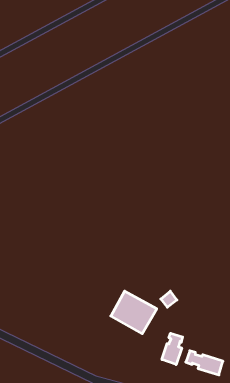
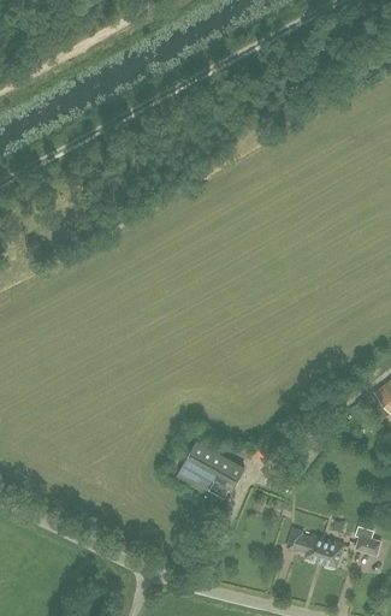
building: [162,333,183,365] -> none

